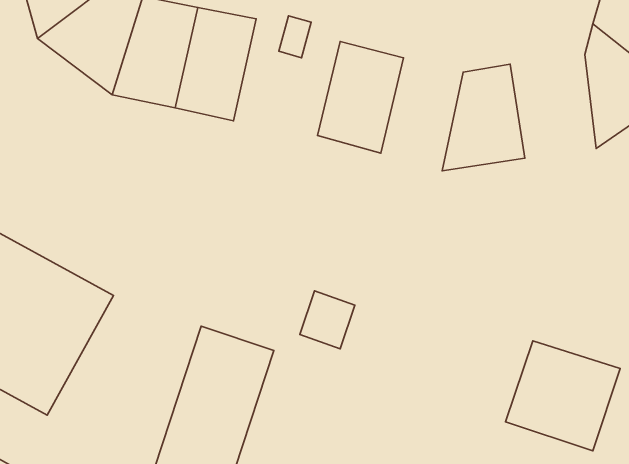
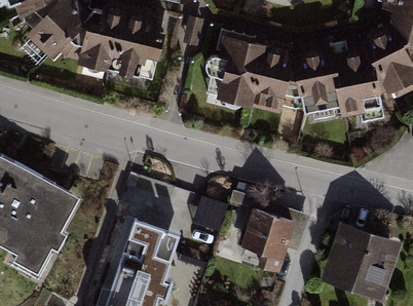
building: none -> [329,44,383,110]
building: none -> [247,46,299,118]
building: none -> [242,211,295,262]

